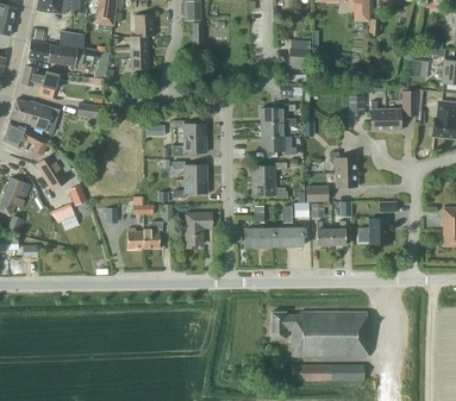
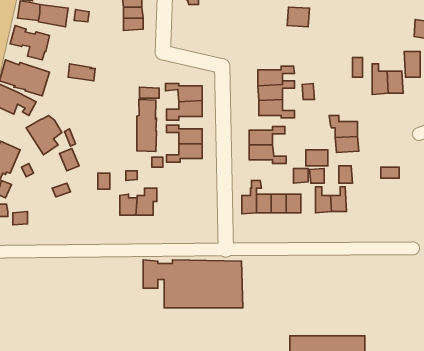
building: none -> [137,99,157,151]
building: [186,212,212,246] -> none
building: [358,218,389,244] -> none
building: [271,311,368,357] -> [143,260,243,308]

